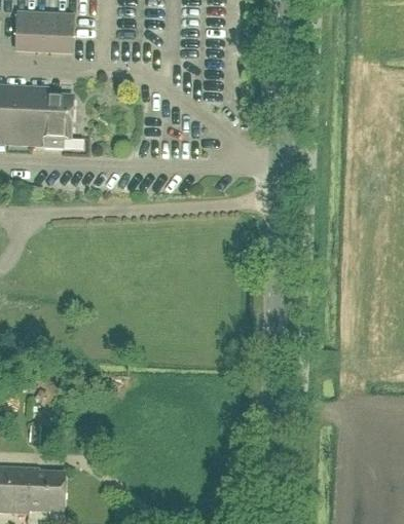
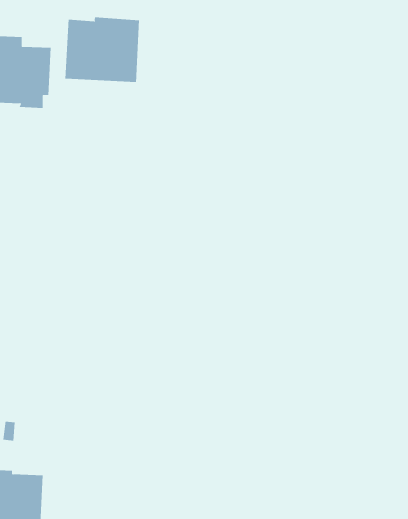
building: none -> [65,17,139,83]

